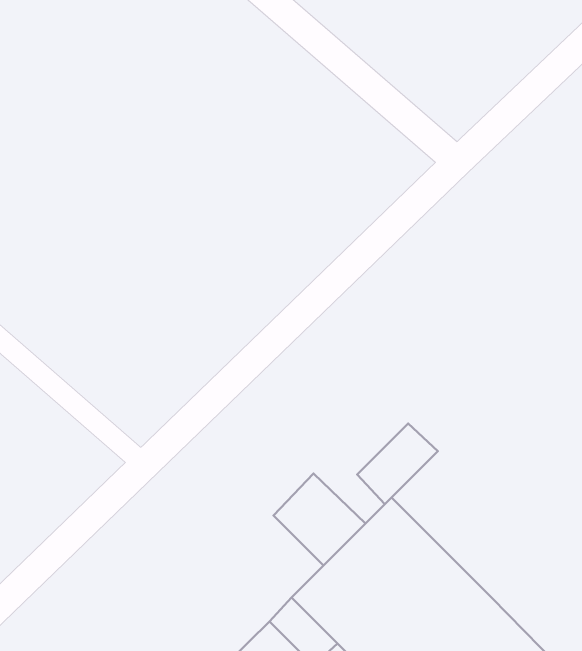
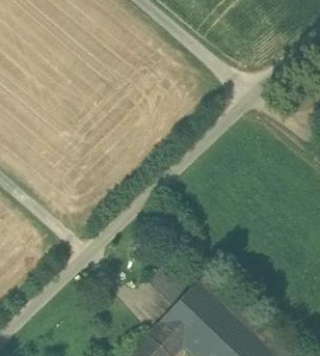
building: [357,424,438,504] -> none

